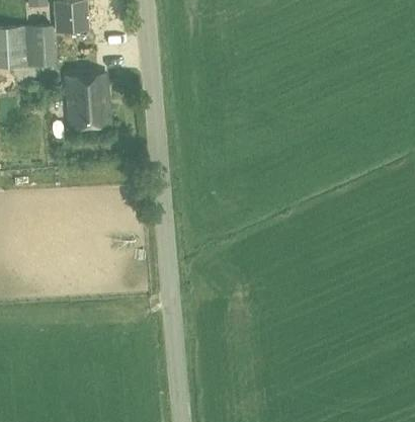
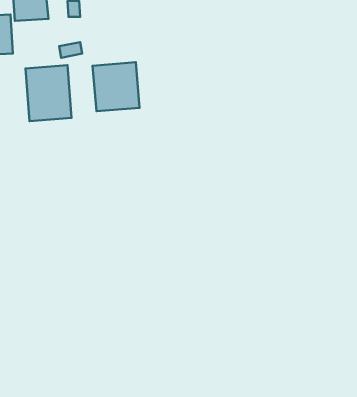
building: none -> [93,62,140,111]

